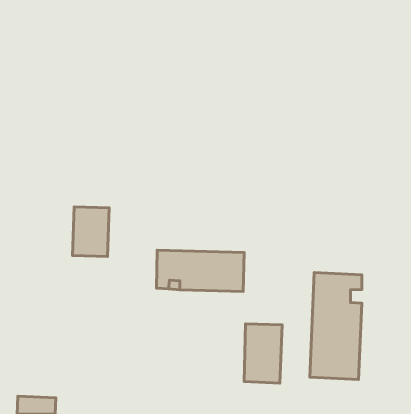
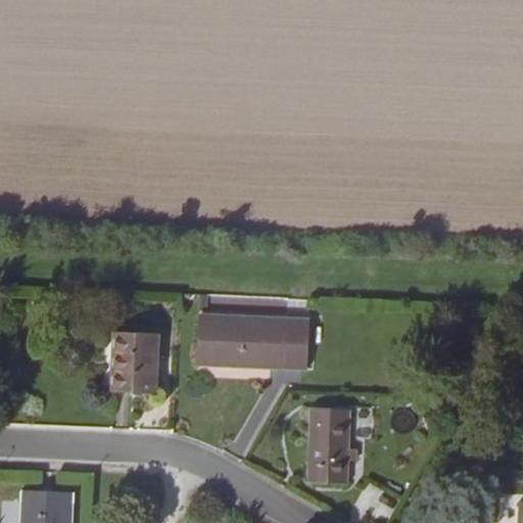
building: [73,207,109,256] -> [111,331,157,393]
building: [310,273,362,379] -> none

